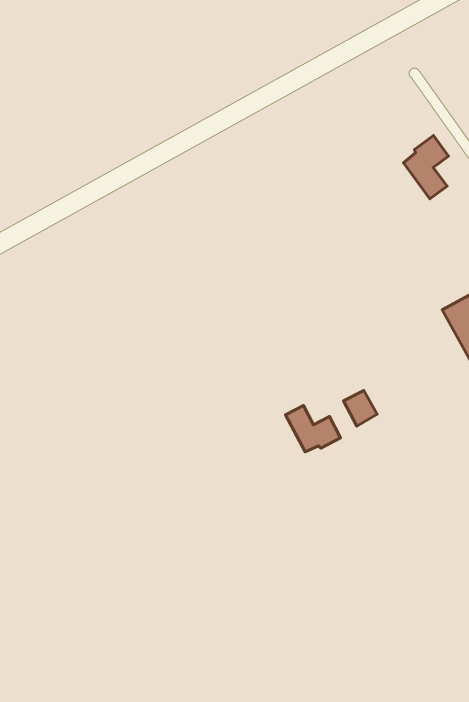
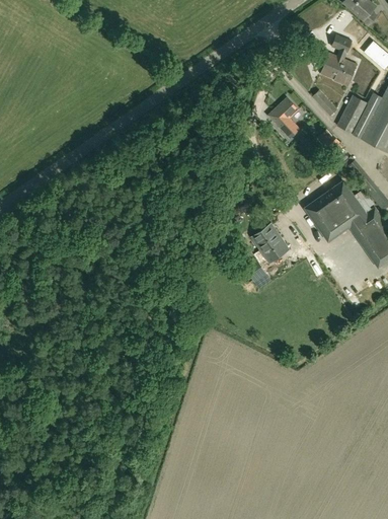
building: none -> [251,223,289,263]
building: [286,405,341,452] -> none

